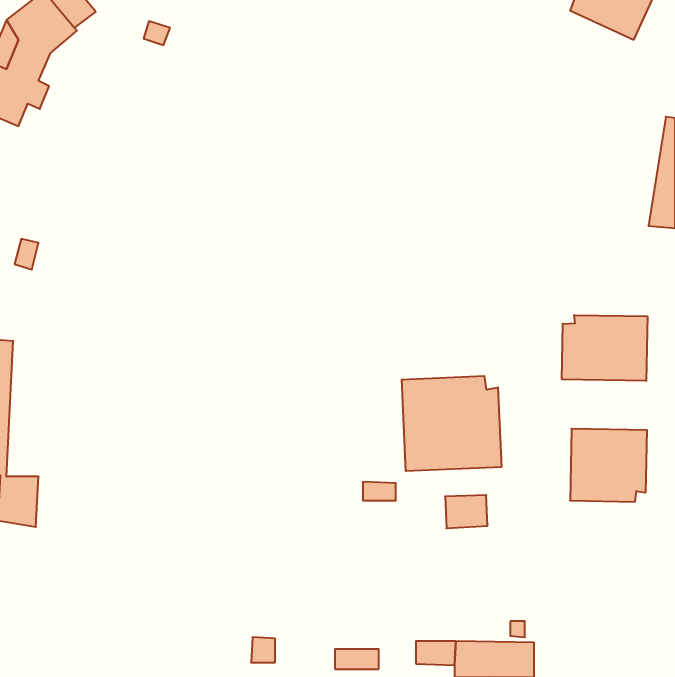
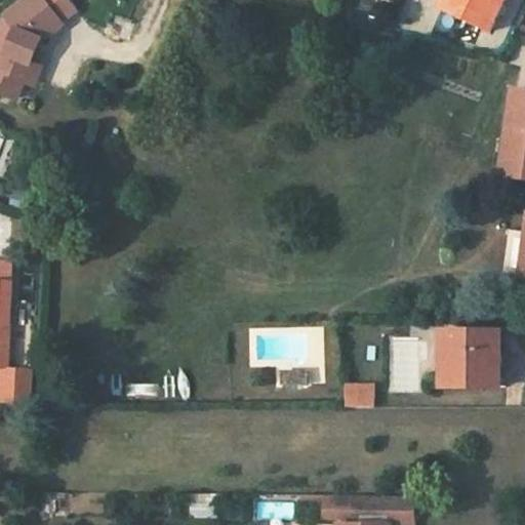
building: [562,315,647,381] -> none
building: [402,376,501,471] -> none

